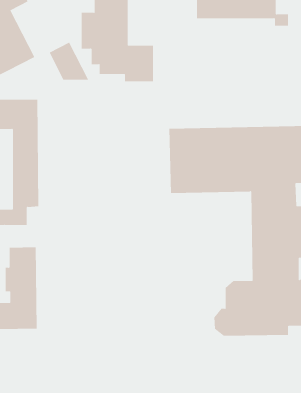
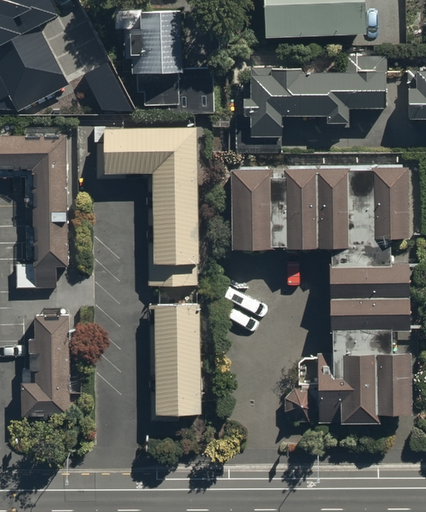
building: none -> [237,56,384,154]
building: none -> [99,128,199,283]
building: none -> [154,304,198,415]

